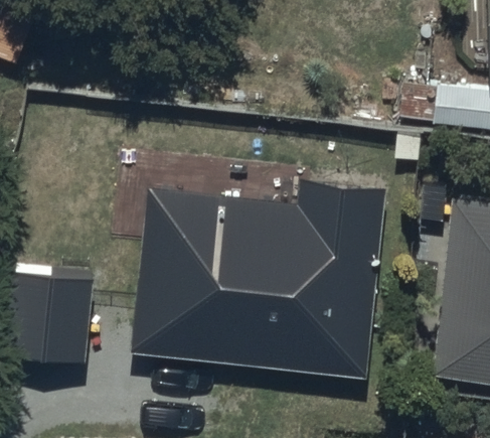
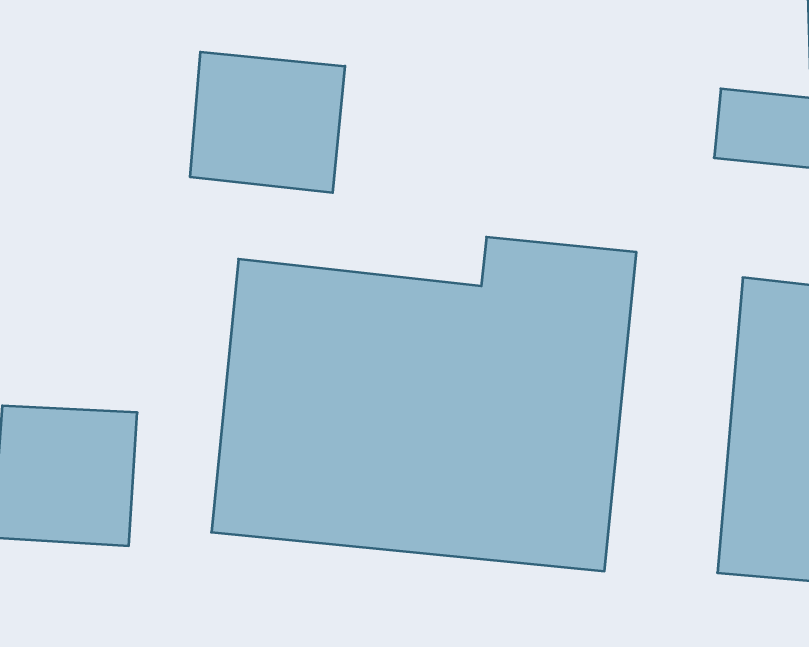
building: none -> [190,52,345,193]

